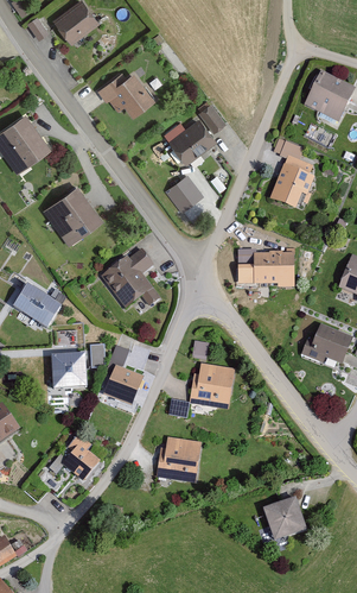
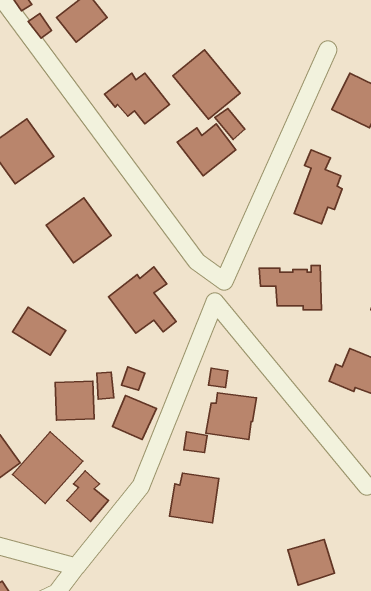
building: none -> [173,50,240,119]
building: [166,171,204,208] -> none
building: none -> [12,432,83,504]

